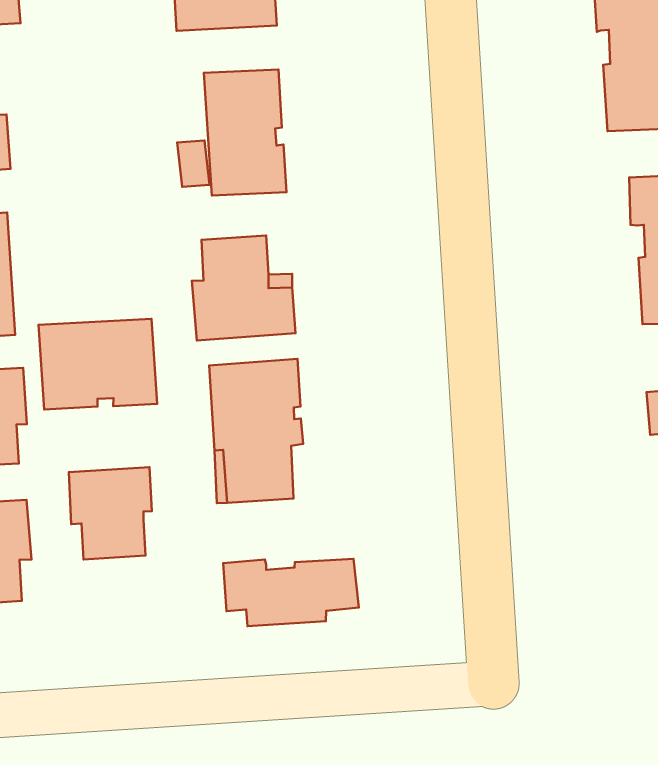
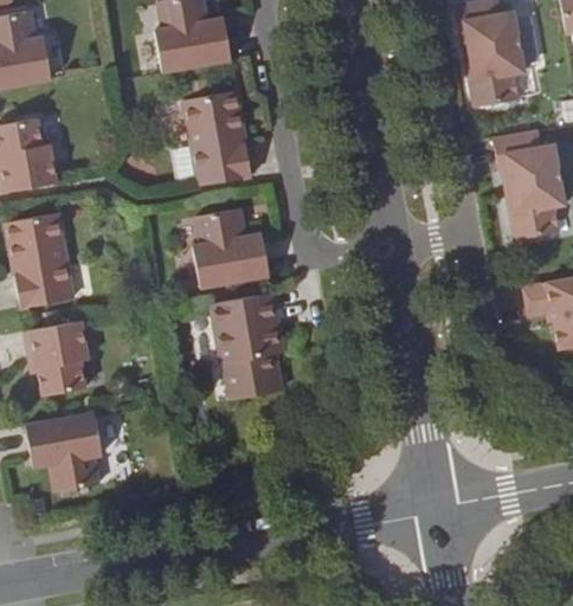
building: [39,319,157,410] -> none
building: [69,467,152,560] -> none
building: [223,559,359,626] -> none

